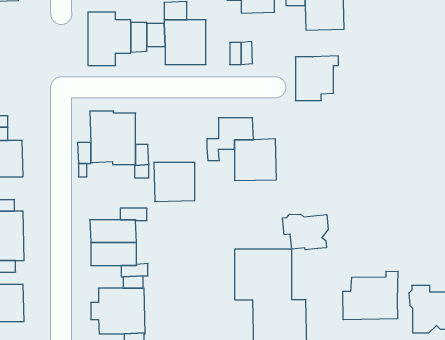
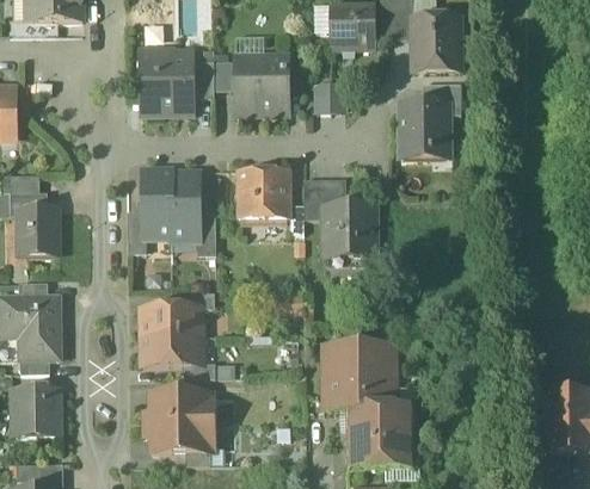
building: none -> [422,82,460,113]
building: [154,162,195,202] -> [238,169,289,218]
building: [282,214,328,250] -> none
building: [343,271,398,320] -> none

